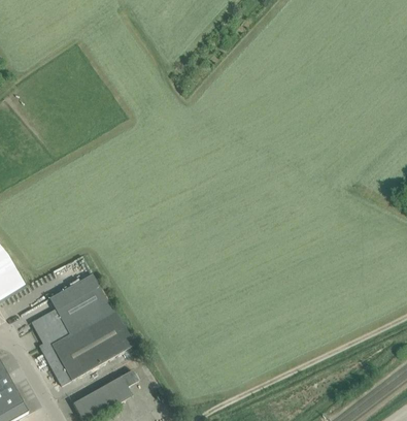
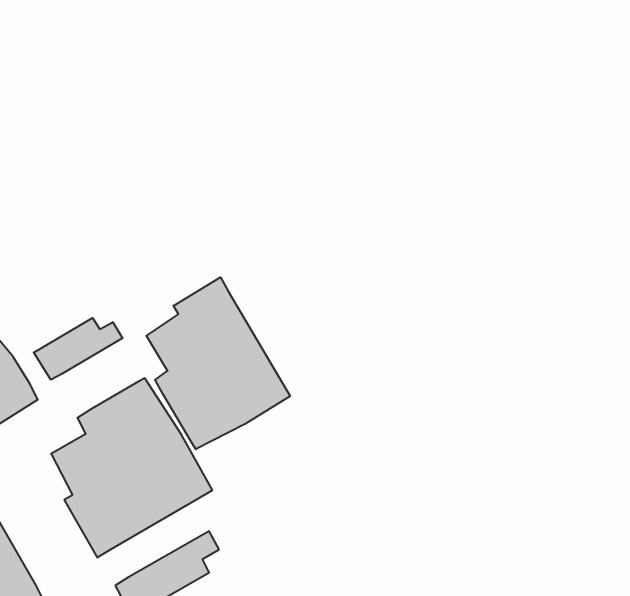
building: none -> [146,277,290,449]
building: none -> [34,318,123,380]

